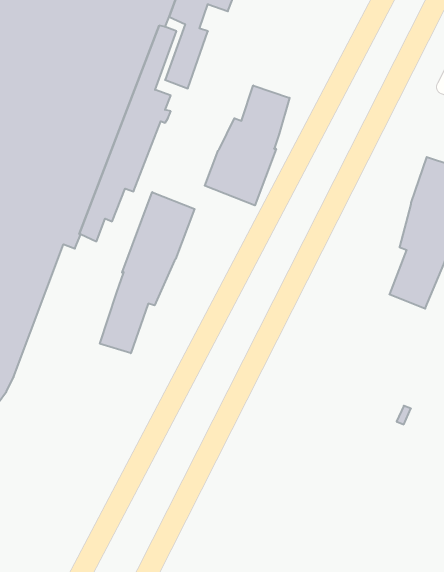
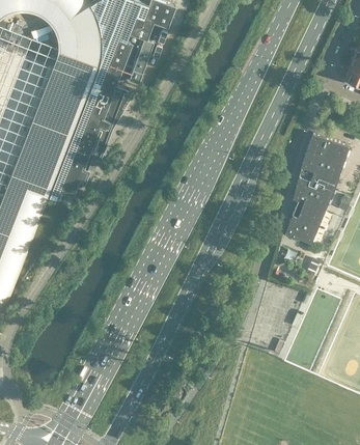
building: [205,85,290,205] -> none
building: [100,192,195,353] -> none

